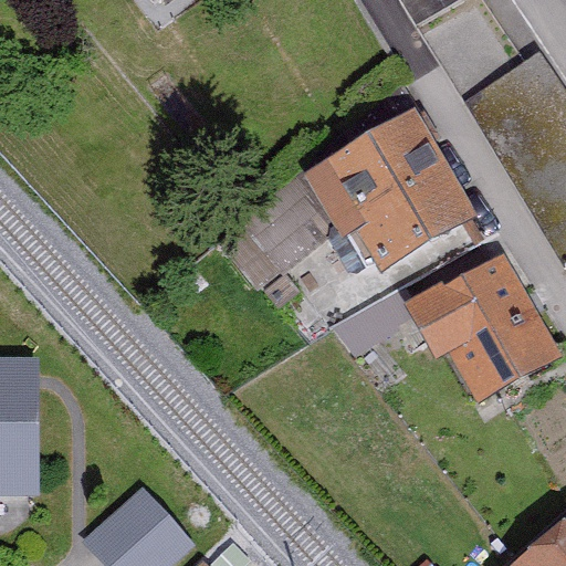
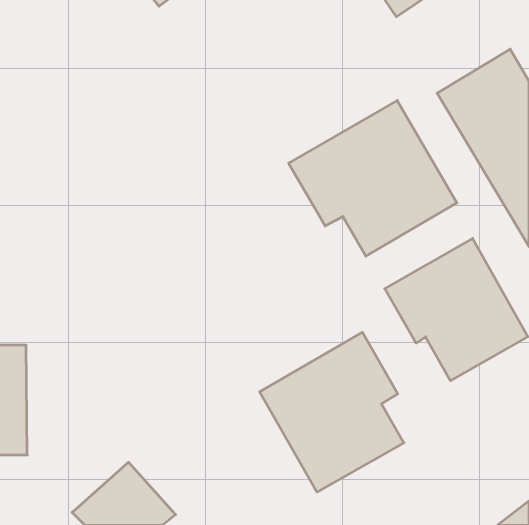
building: none -> [260,332,404,492]

